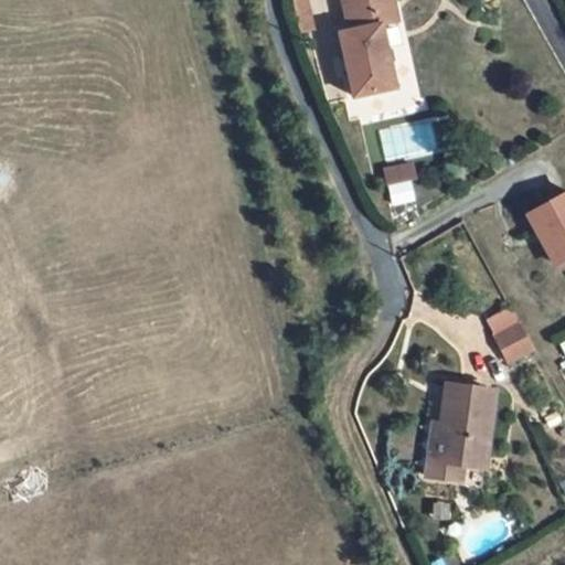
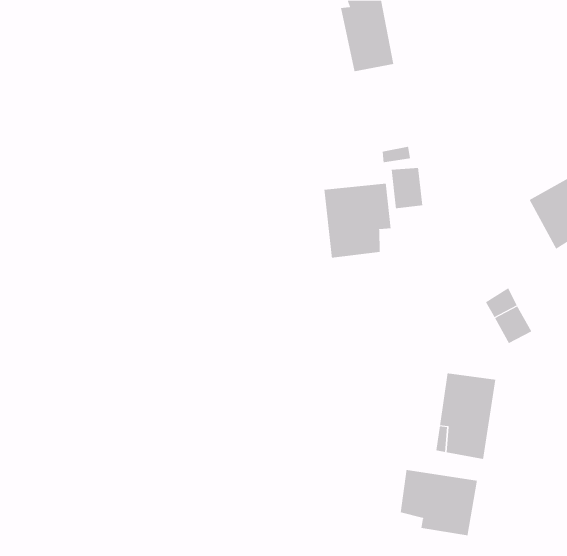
building: none -> [324,183,391,259]
building: none -> [400,469,477,536]

